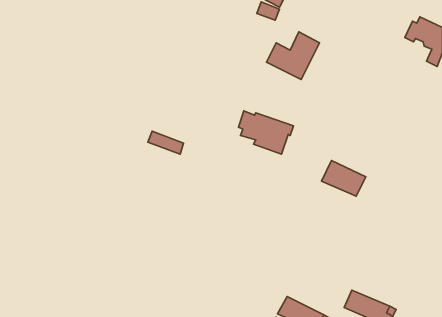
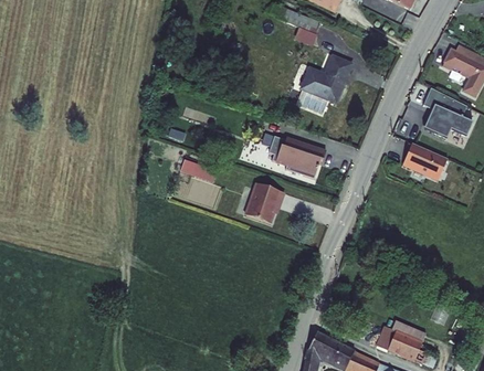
building: none -> [420,87,471,135]
building: none -> [243,186,282,225]
building: [322,161,366,196] -> [401,139,446,176]

